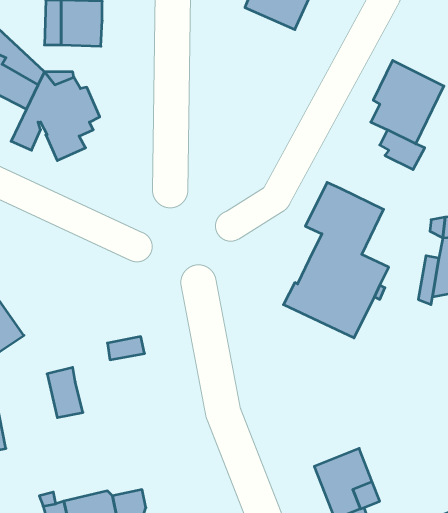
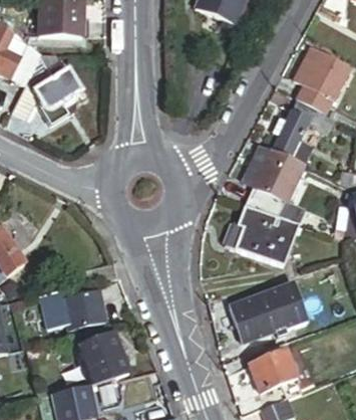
building: none -> [271,110,311,165]
building: none -> [229,284,304,341]
building: none -> [63,292,105,329]
building: none -> [78,334,129,385]

